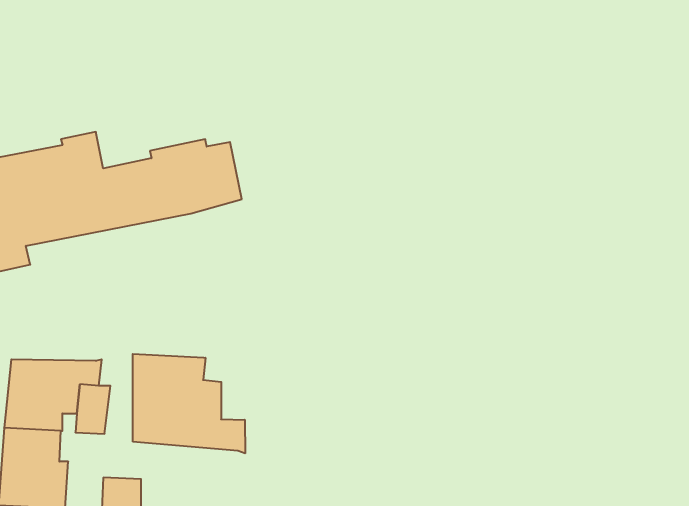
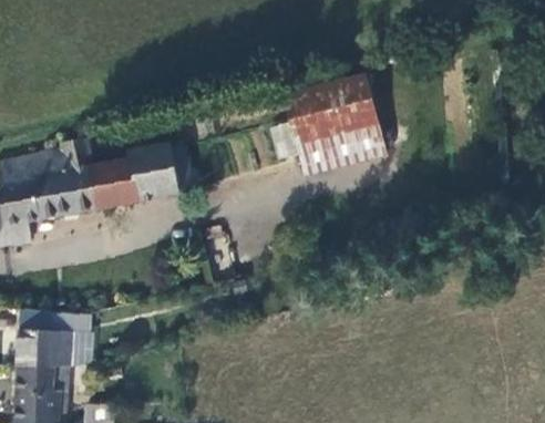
building: none -> [284,70,385,172]
building: [133,354,245,453] -> none

